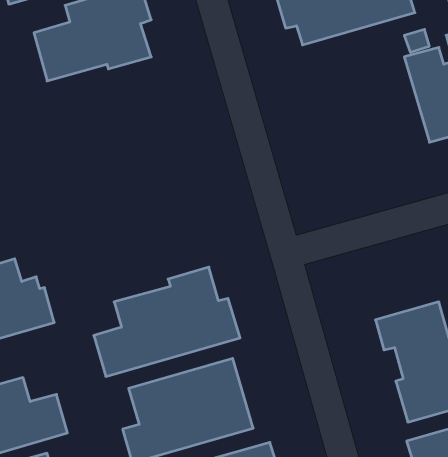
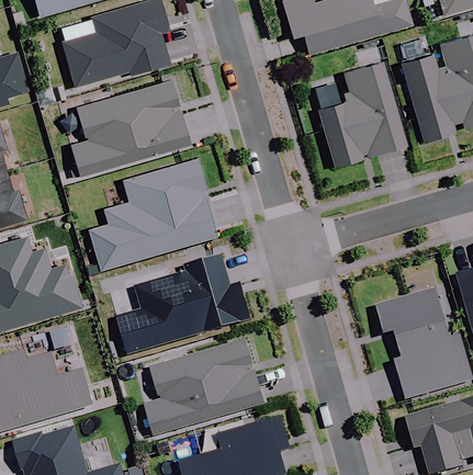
building: none -> [318,61,407,167]
building: none -> [71,80,190,176]
building: none -> [90,158,216,270]

